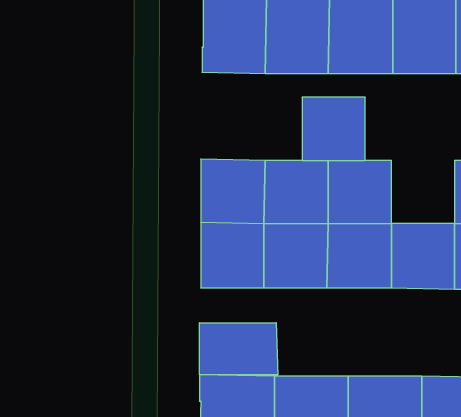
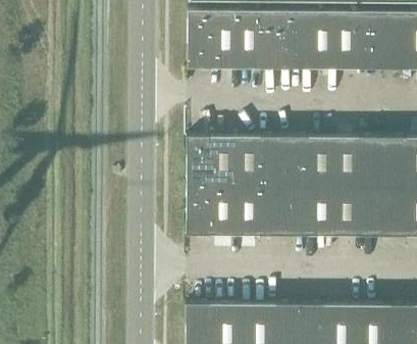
building: [302,97,365,160] -> [335,137,384,186]
building: [199,323,278,375] -> none

